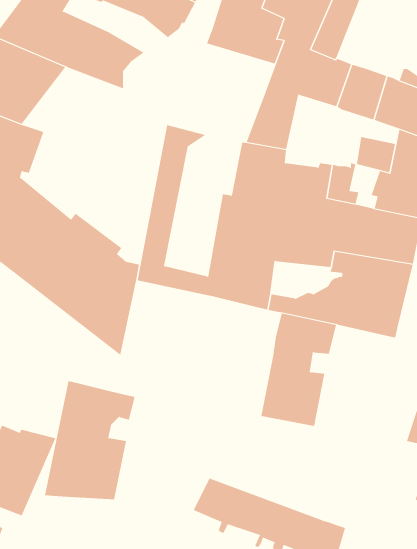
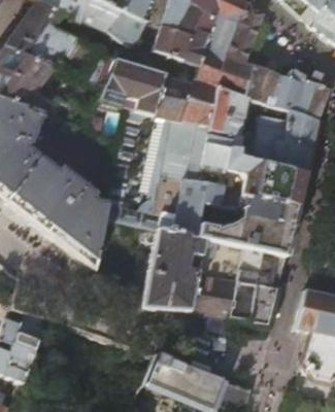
building: none -> [99,59,195,118]
building: none -> [209,85,248,136]
building: none -> [230,246,287,323]
building: [44,381,135,500] -> [142,227,206,310]

